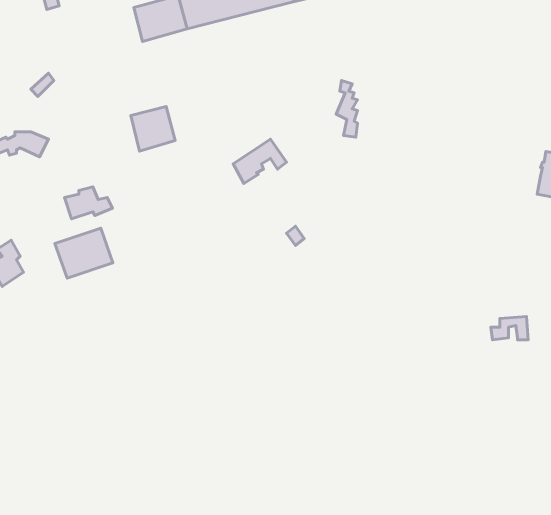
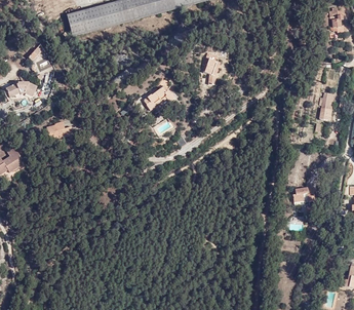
building: [131,107,175,151] -> [66,11,91,37]
building: [55,228,113,278] -> none

